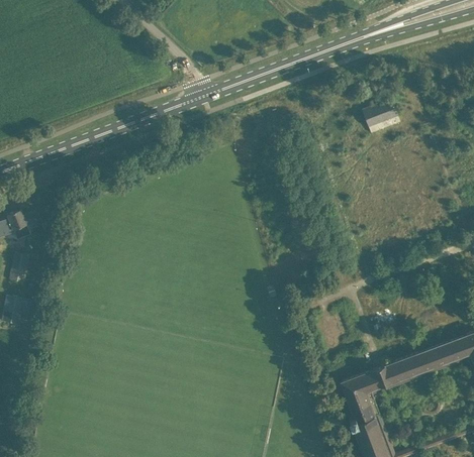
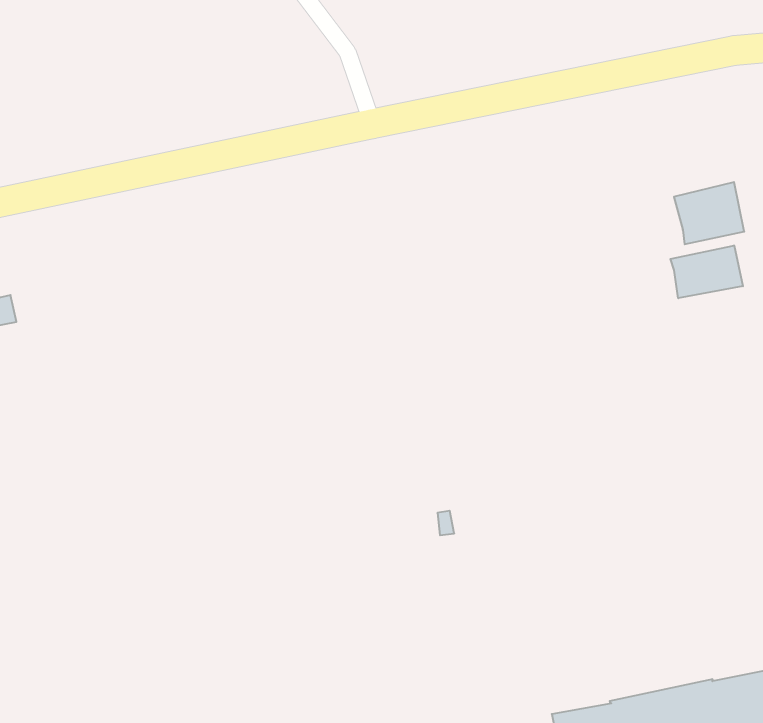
building: none -> [670,245,743,298]

